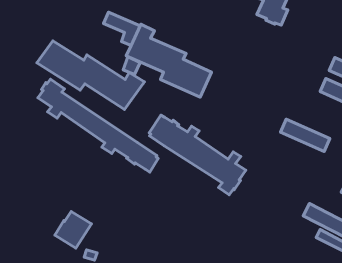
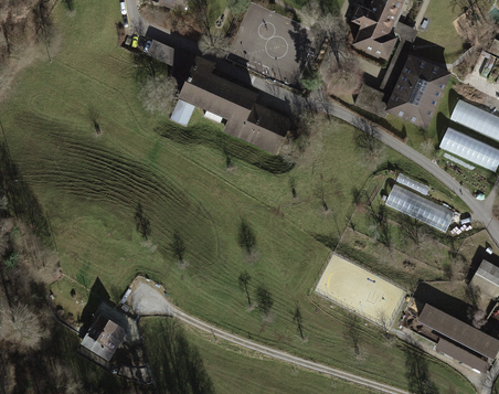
building: none -> [355,52,452,127]
building: [37,41,144,110] -> none
building: [38,79,158,172] -> none
building: [149,115,246,195] -> none

